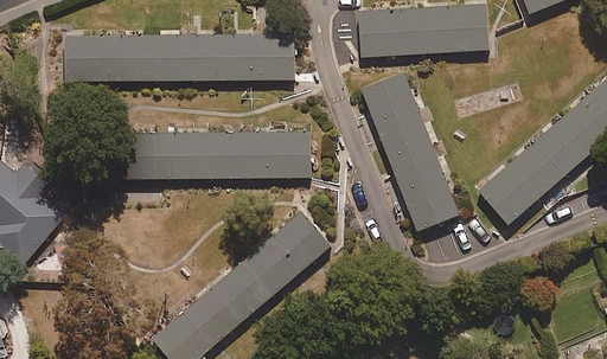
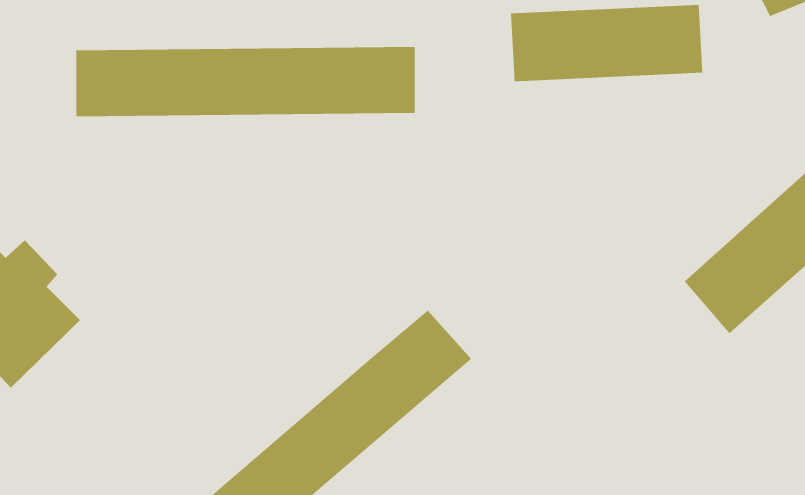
building: [359,71,458,232] -> none
building: [114,132,309,180] -> none

